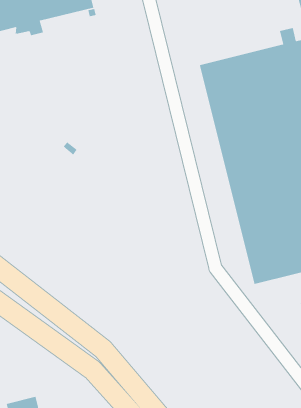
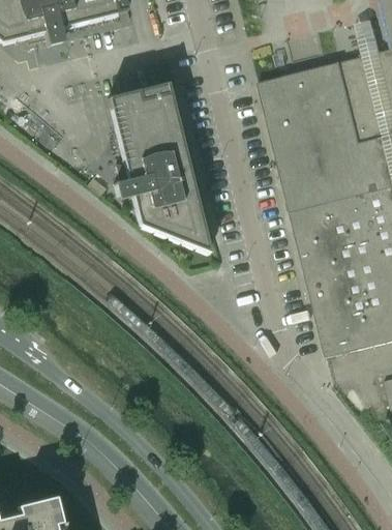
building: none -> [107,83,209,253]

